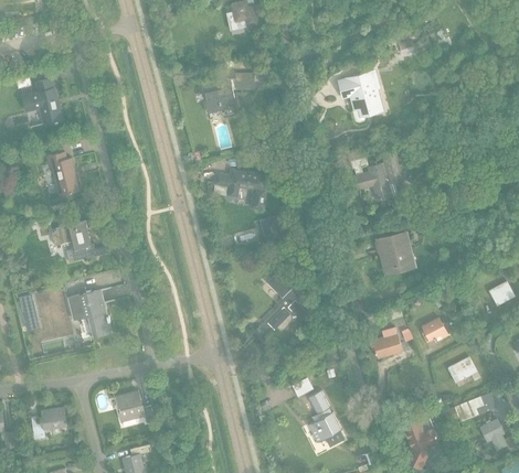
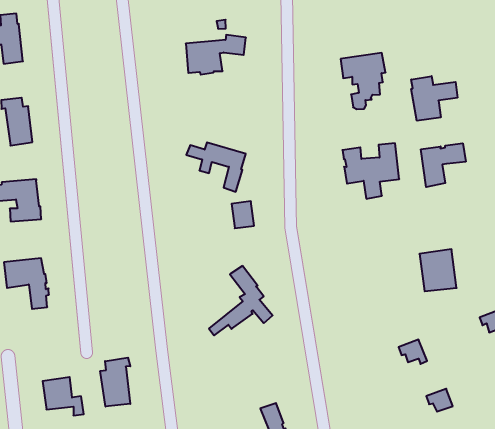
building: none -> [411,76,457,121]
building: none -> [421,143,466,187]
building: [377,233,413,272] -> [419,249,457,291]
building: [369,327,401,357] -> none
building: none -> [100,358,130,407]

